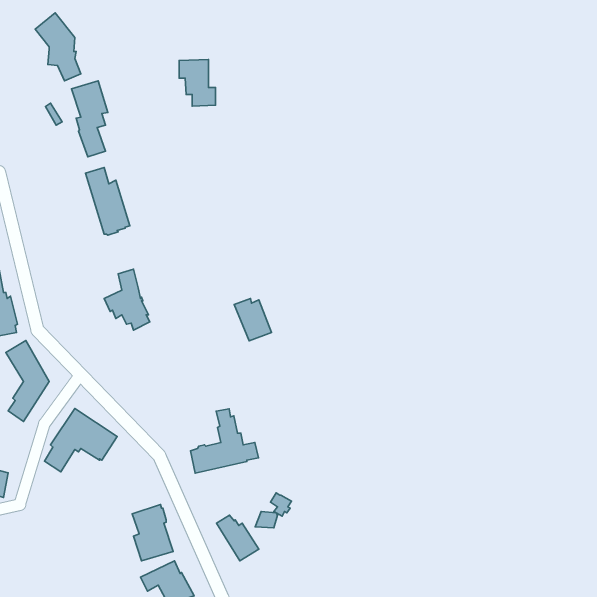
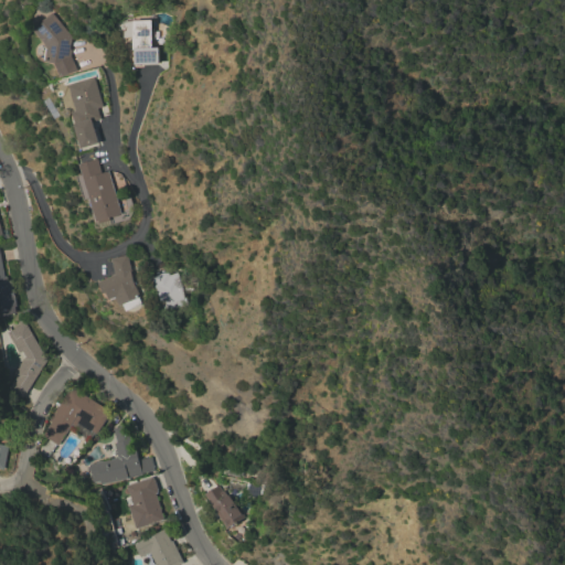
building: [179,59,216,106] -> [121,21,156,65]
building: [234,299,272,341] -> [152,273,188,312]
building: [191,409,258,473] -> [88,426,152,487]

